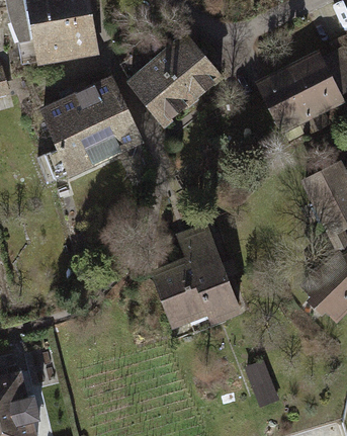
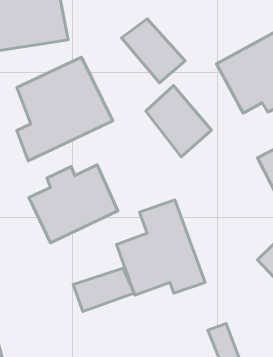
building: [125,53,195,128] -> [146,86,212,157]
building: none -> [29,165,118,243]
building: none -> [73,268,134,311]

